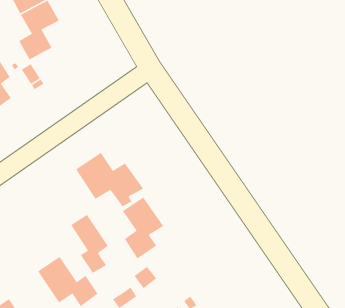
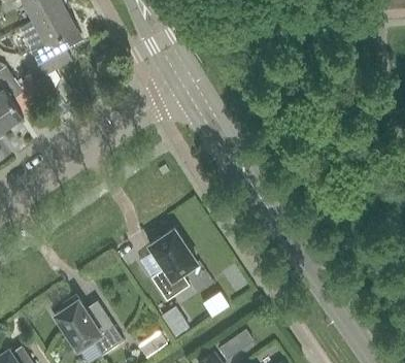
building: [75,152,144,208] -> none
building: [70,214,109,274] -> none

